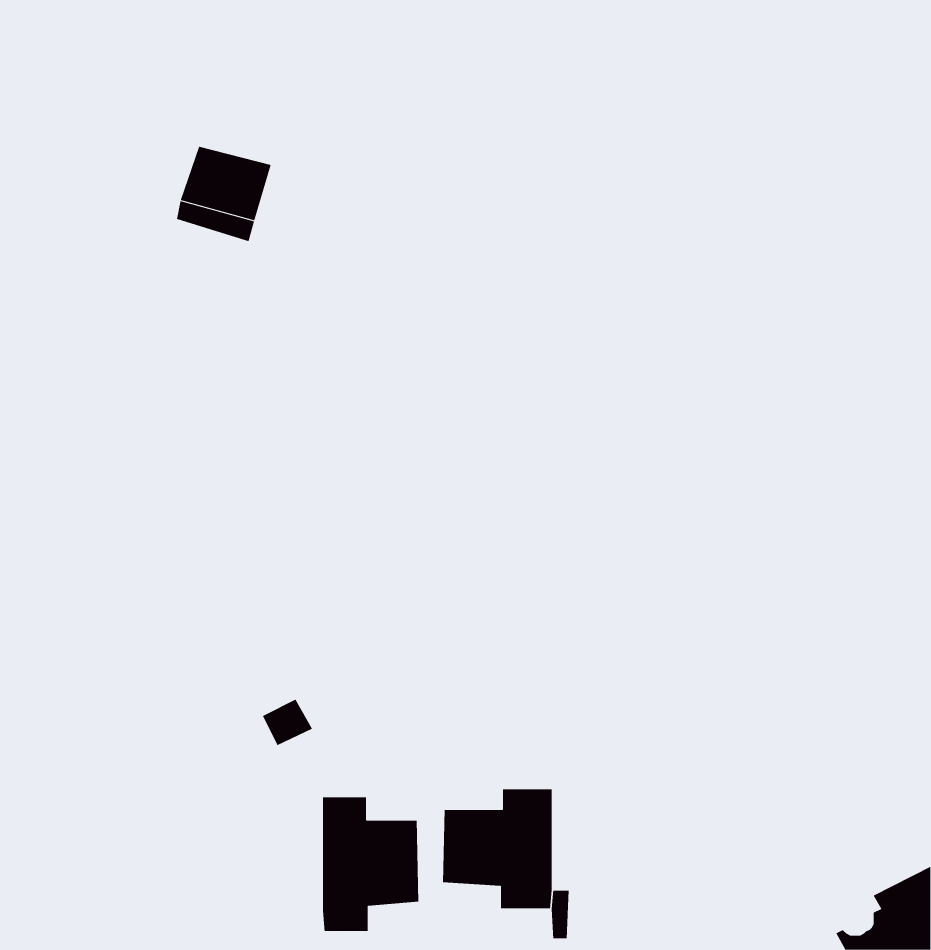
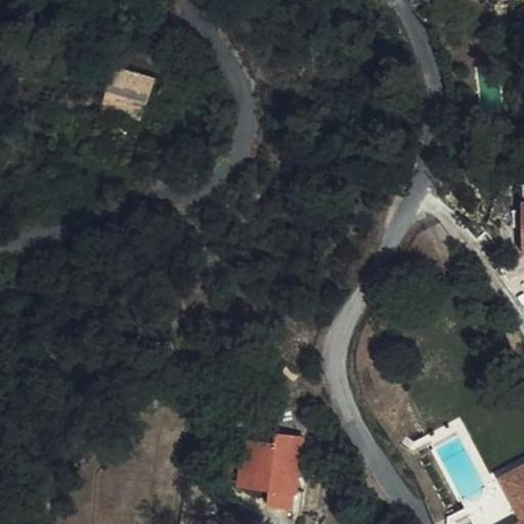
building: [322,796,419,932] -> none

